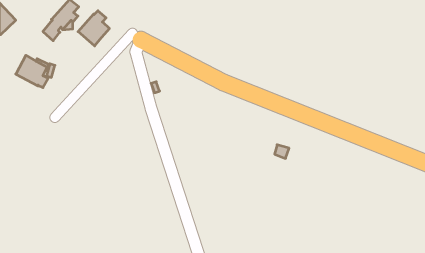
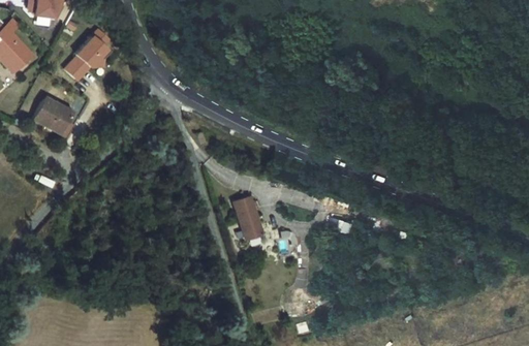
building: [78,11,109,46] -> none
building: none -> [231,201,254,233]

